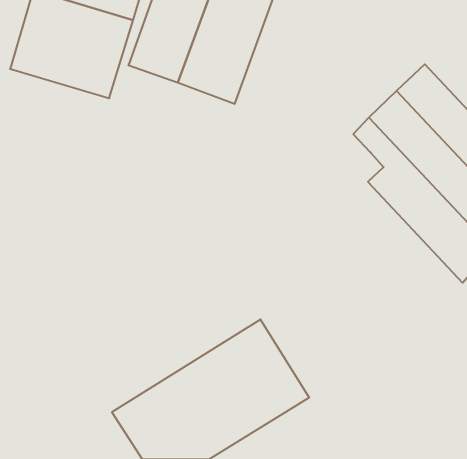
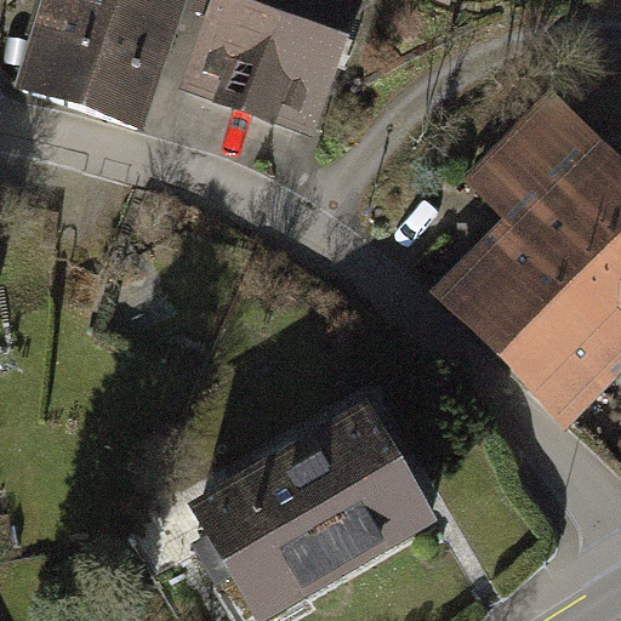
building: none -> [437,240,614,422]

